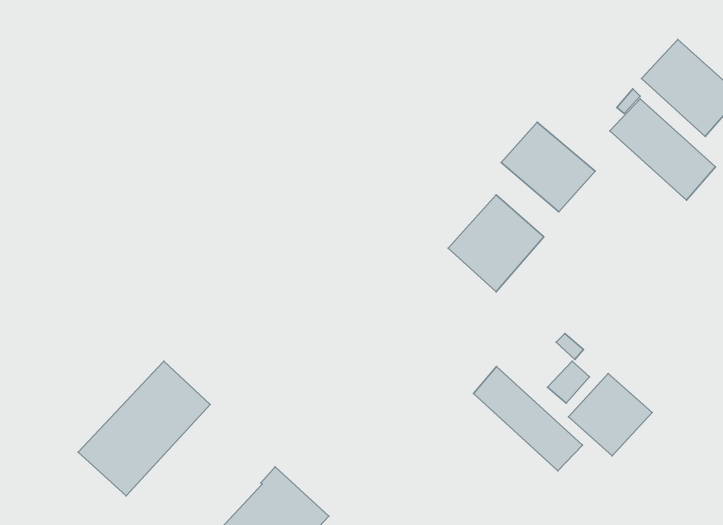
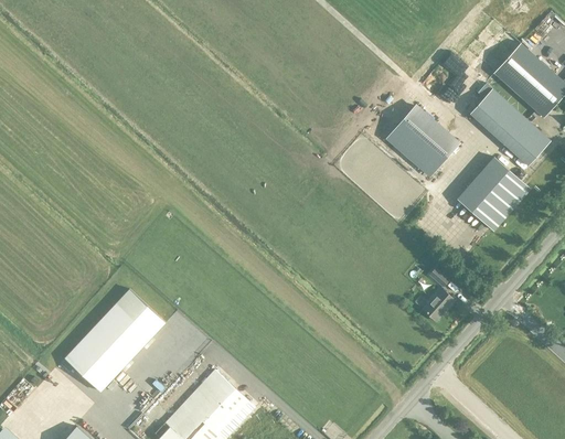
building: [448,195,544,292] -> [457,158,530,232]
building: [473,366,582,471] -> none
building: [568,374,652,456] -> none

